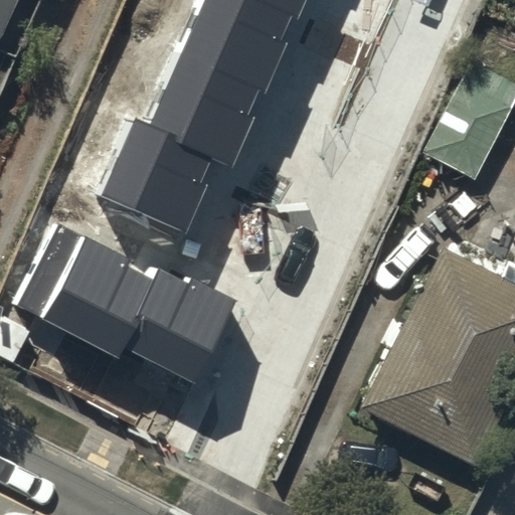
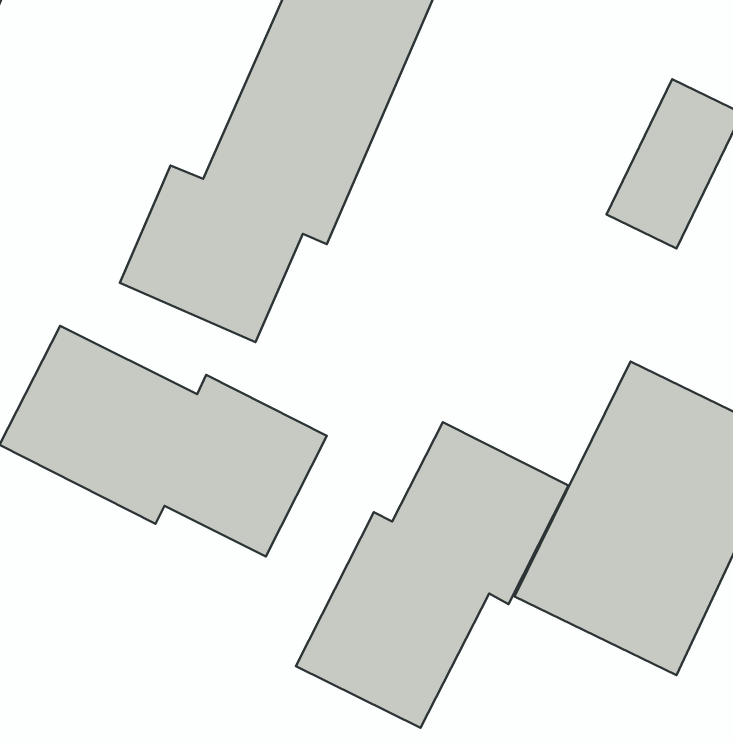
building: none -> [296,422,569,728]

